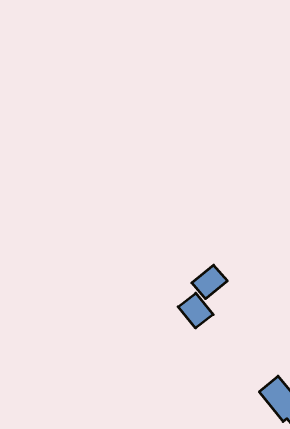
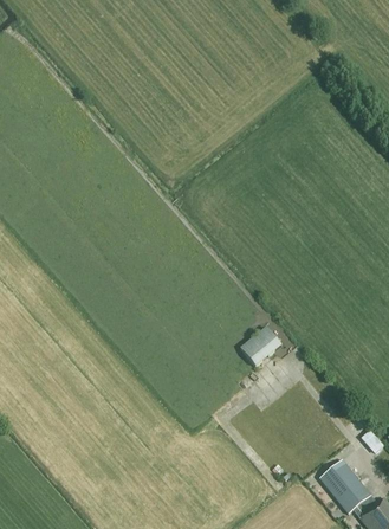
building: [178,293,213,328] -> none

